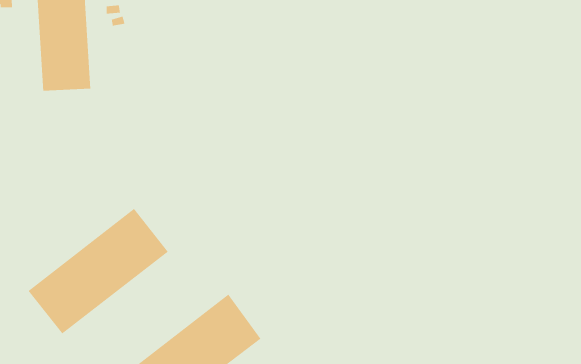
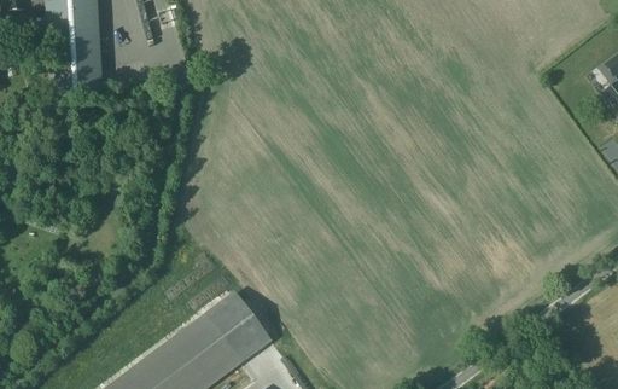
building: [27,208,169,335] -> none

